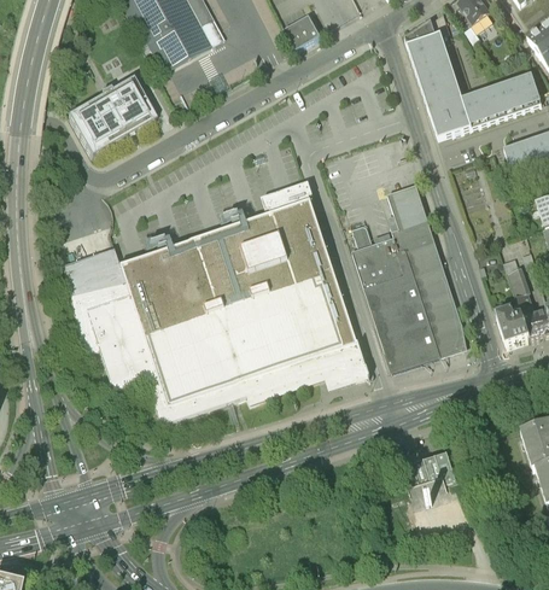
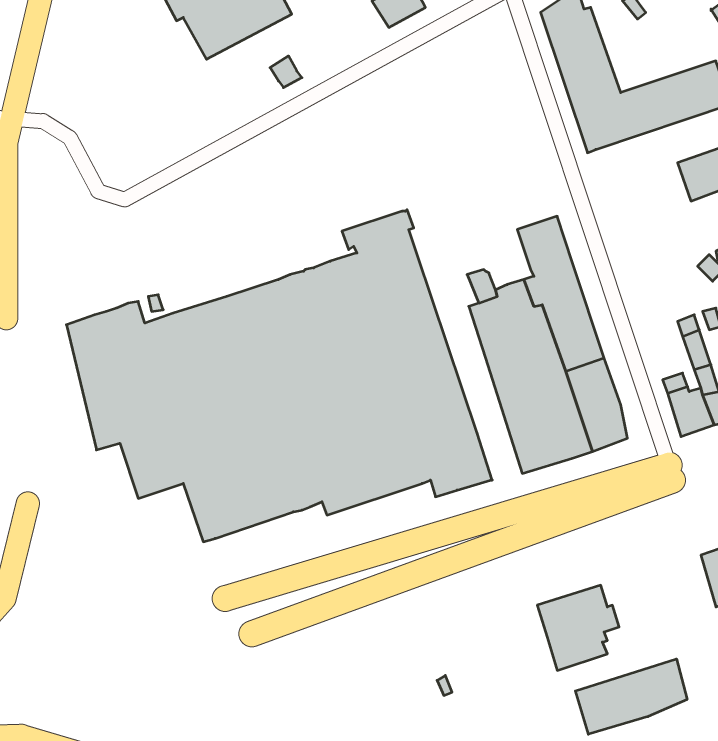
building: [68,76,156,154] -> none
building: none -> [575,659,687,734]

